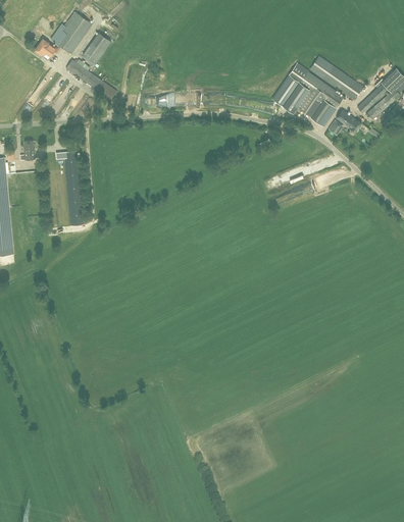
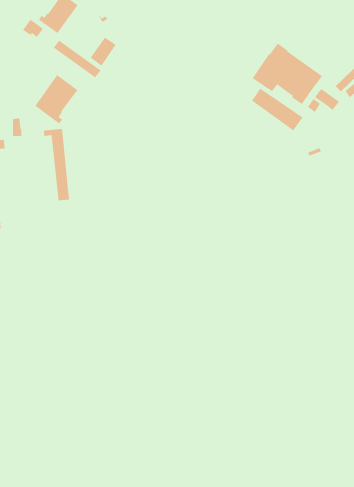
building: [83,33,110,63] -> [90,37,117,66]
building: [309,55,363,100] -> [251,88,304,131]
building: none -> [34,74,78,124]

